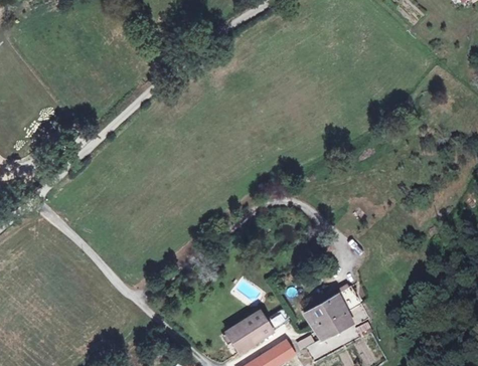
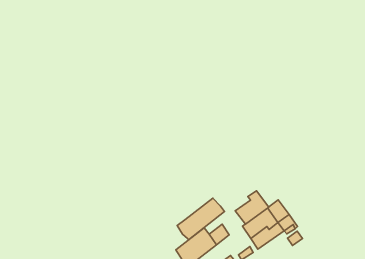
building: none -> [235,191,269,224]
building: none -> [177,198,225,240]

